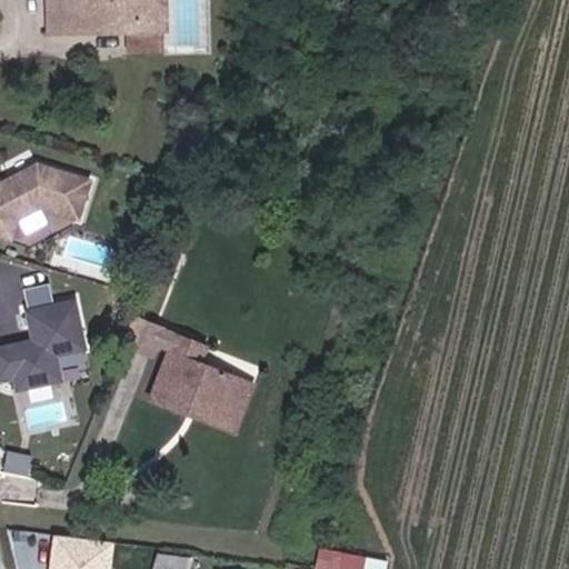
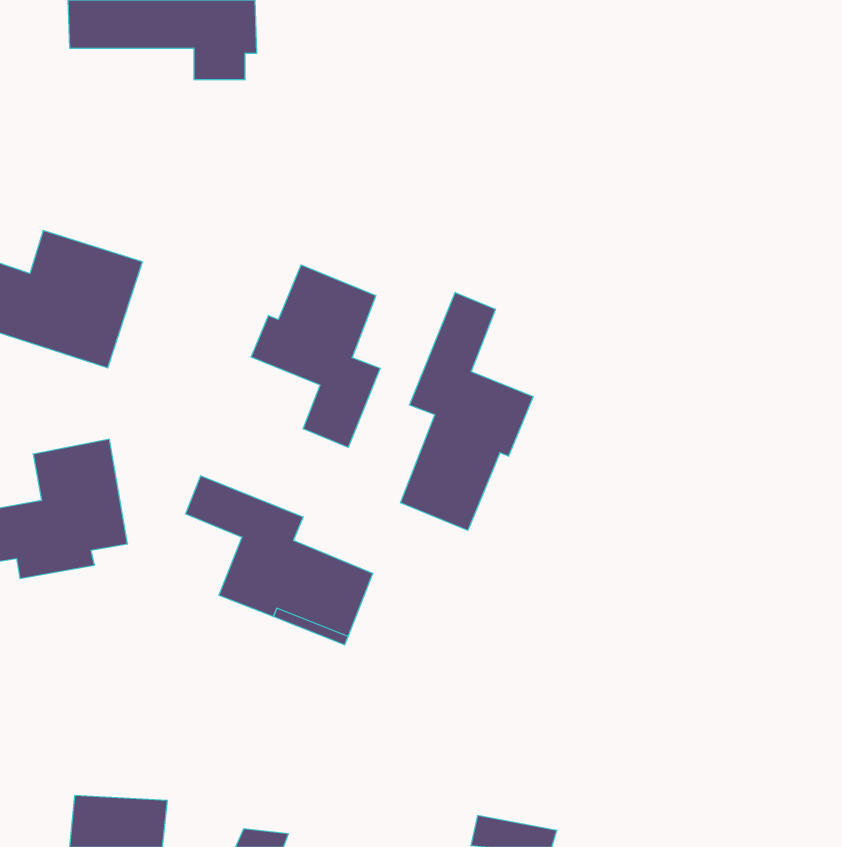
building: none -> [251,265,380,447]
building: none -> [401,292,533,530]

